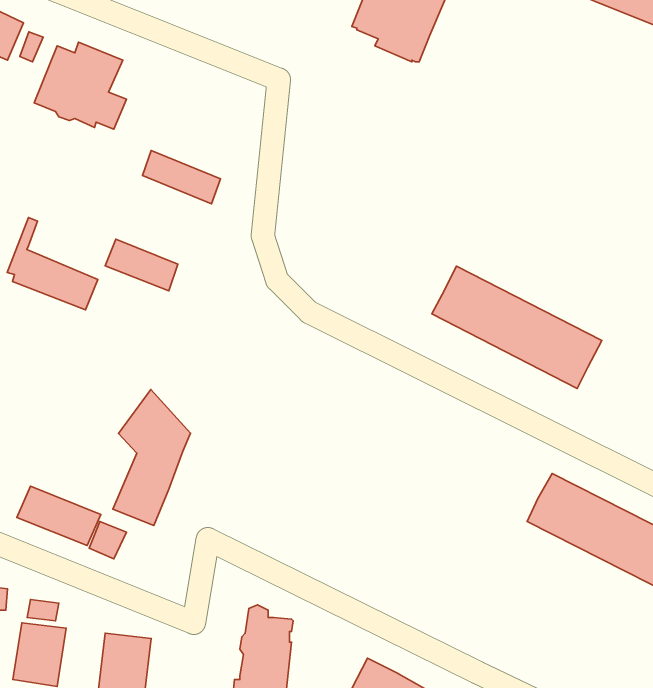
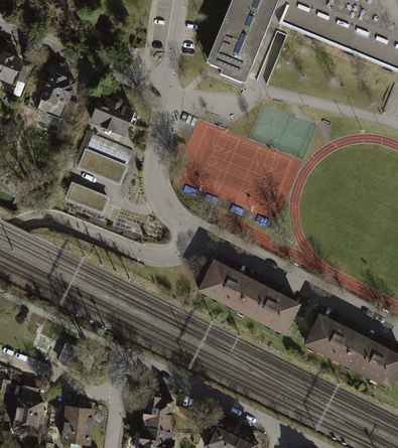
building: none -> [91,97,138,135]
building: [7,218,98,310] -> [76,131,127,183]
building: [432,266,602,389] -> [201,262,297,331]
building: [113,390,190,525] -> none
building: [17,486,101,545] -> none

